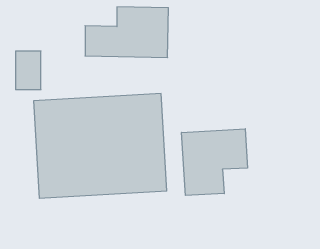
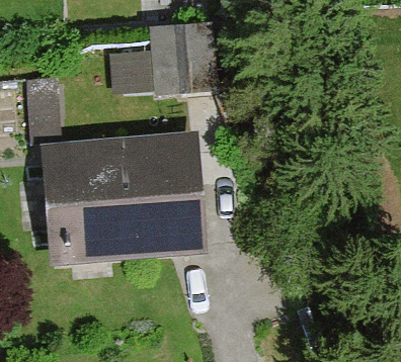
building: [182,129,247,195] -> none

